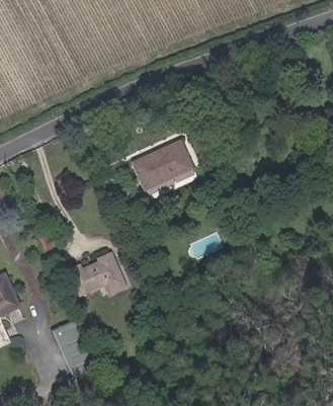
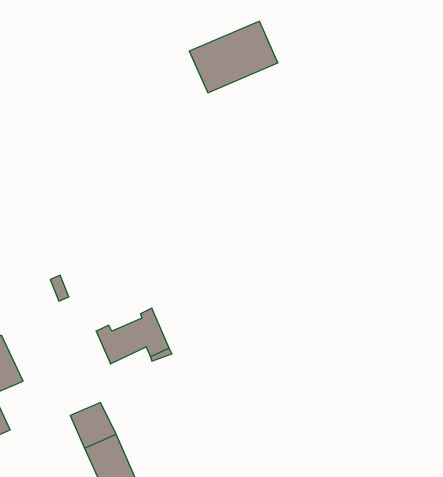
building: [131,140,193,190] -> [189,21,278,93]

